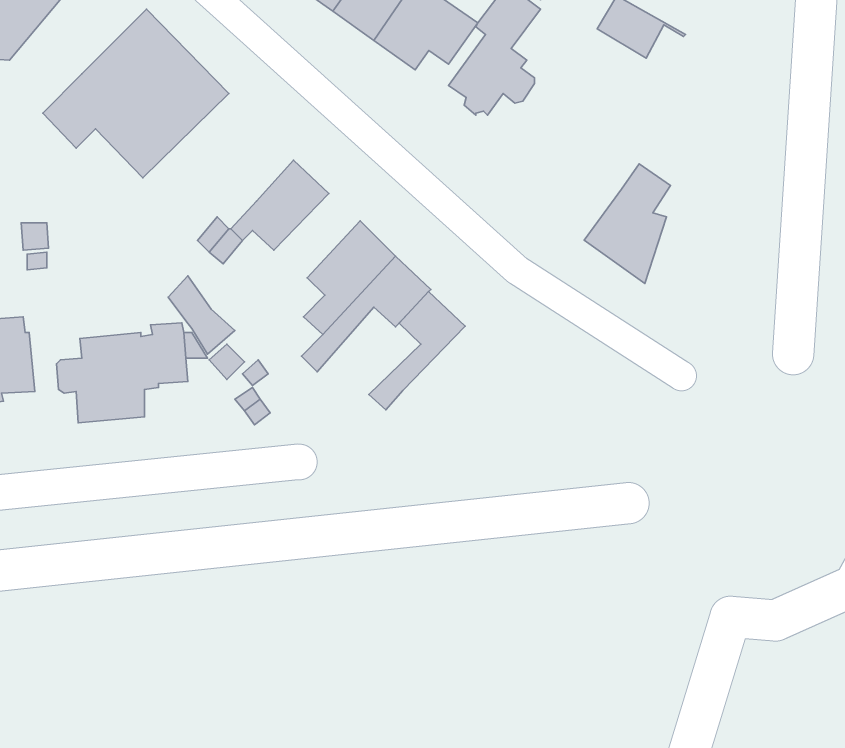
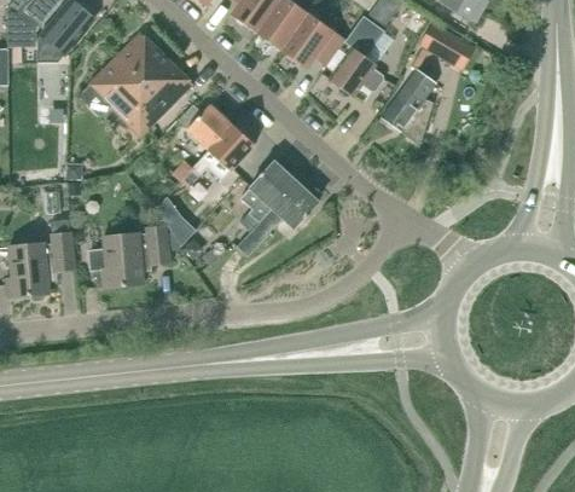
building: none -> [187,104,232,150]
building: [584,164,670,283] -> [382,69,435,143]
building: [369,292,465,410] -> none

